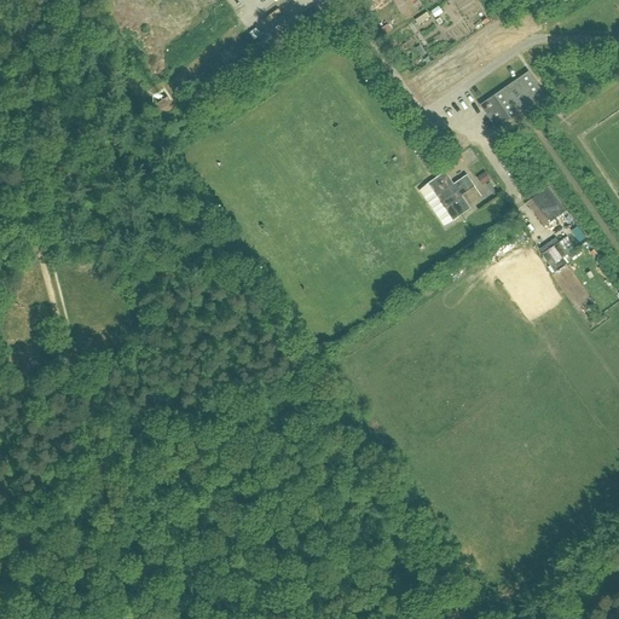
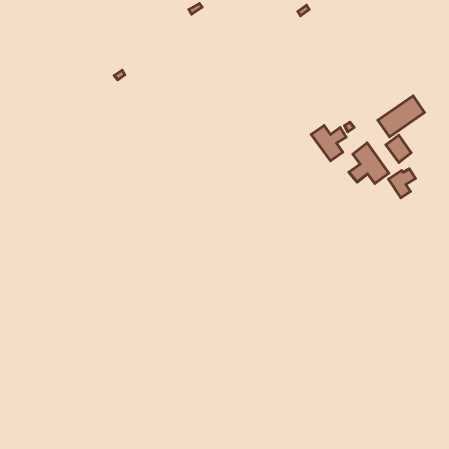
building: [481,73,545,129] -> [378,96,425,137]
building: none -> [349,143,389,184]

